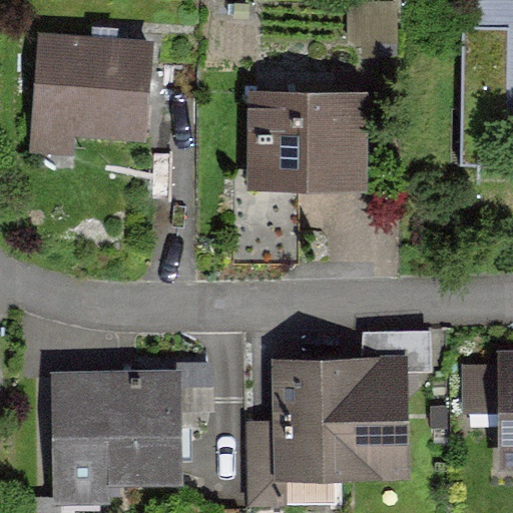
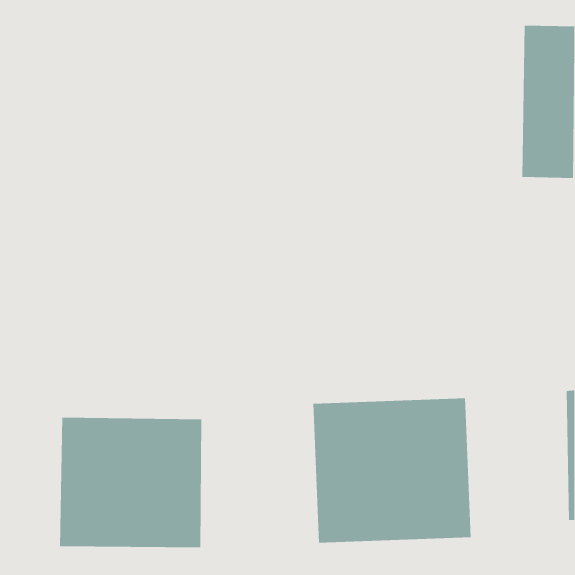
building: [26,30,152,156] -> none
building: [246,92,367,191] -> none

